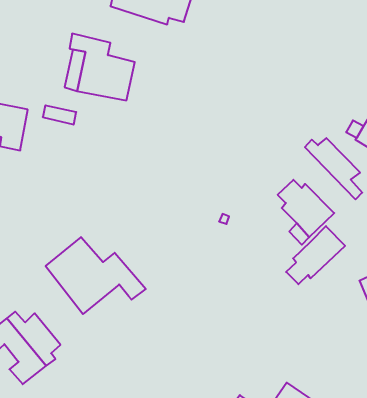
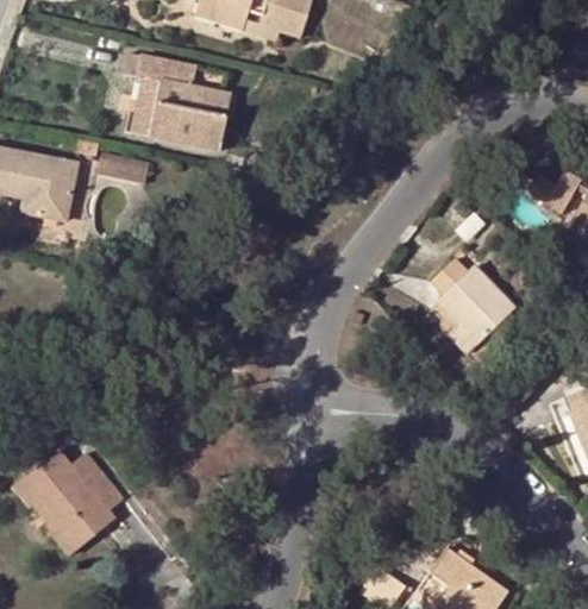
building: [305,138,362,199] -> none
building: [286,226,345,284] -> none
building: [46,237,146,314] -> none

